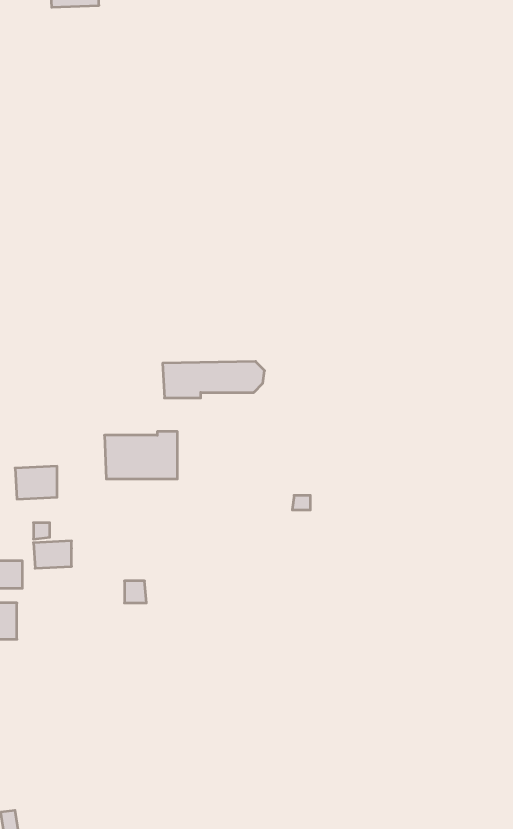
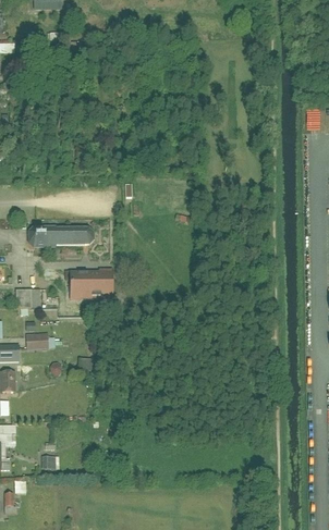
building: [163,361,265,398] -> [31,224,92,246]

